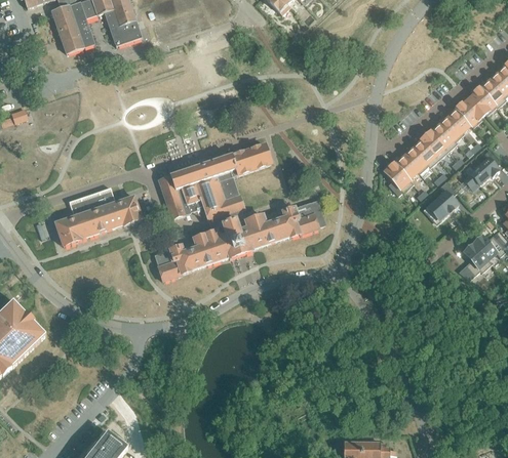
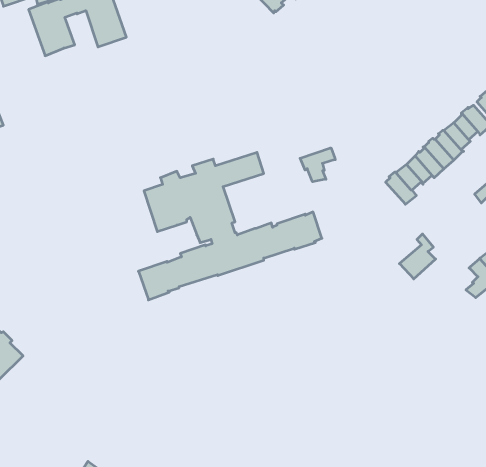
building: none -> [300,148,335,182]
building: [424,180,458,222] -> [399,234,436,279]
building: [55,186,142,245] -> none

